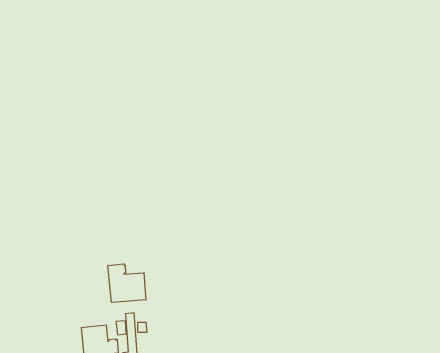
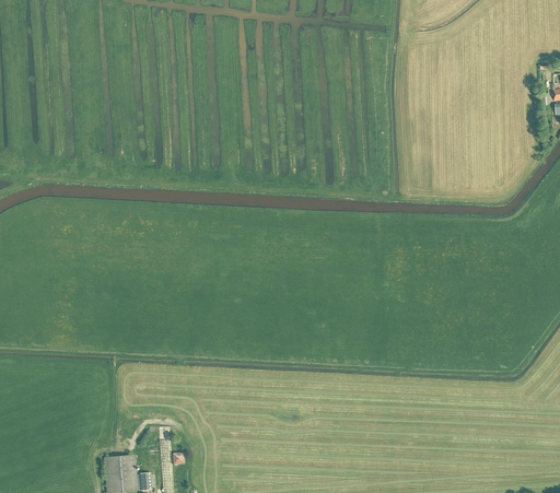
building: [108,264,146,302] -> none

